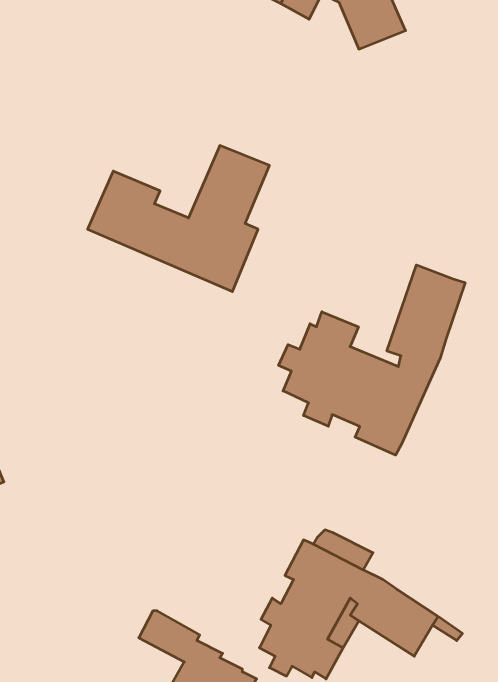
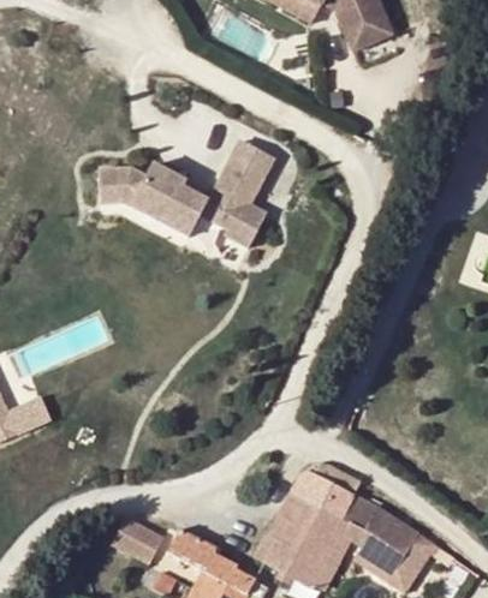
building: none -> [99,165,129,203]
building: [279,265,465,455] -> none
building: none -> [113,514,165,563]

